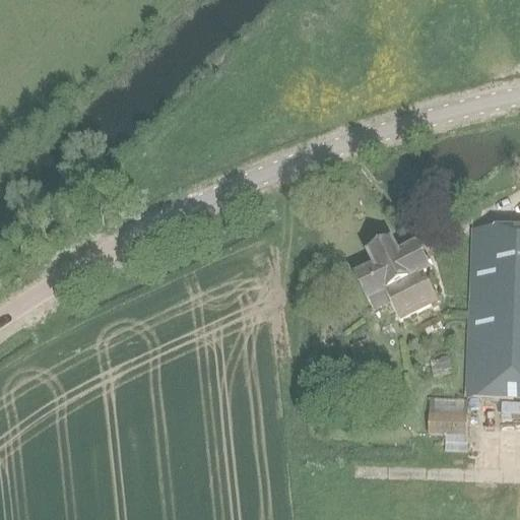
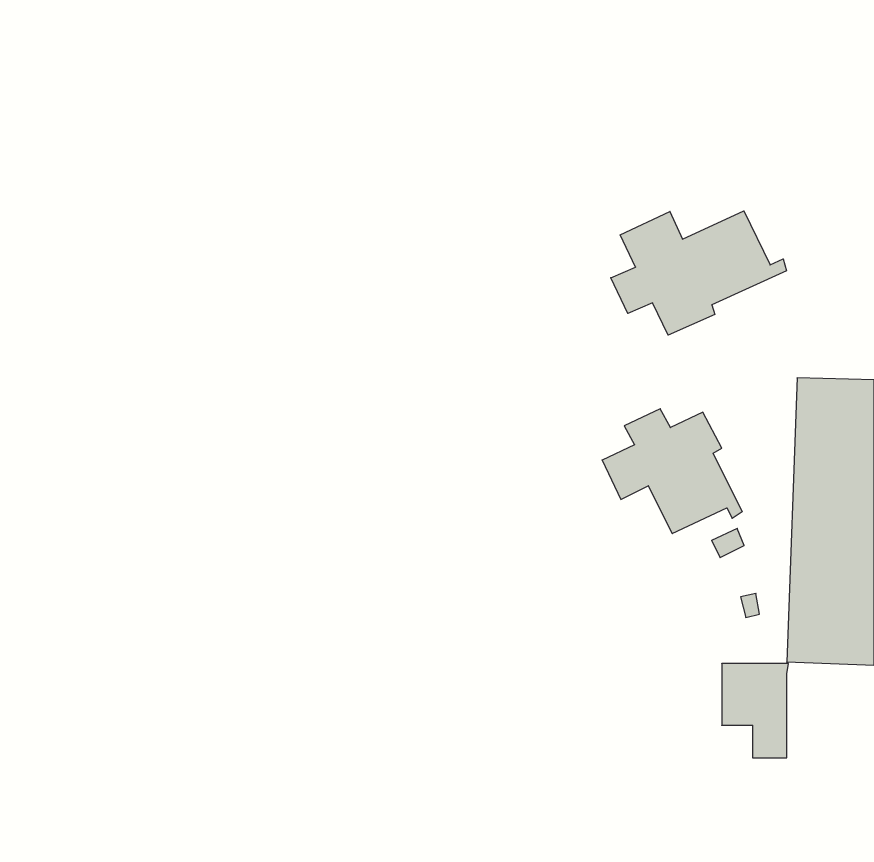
building: none -> [611,211,786,335]

